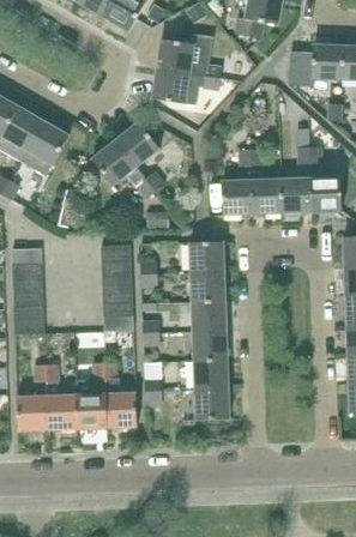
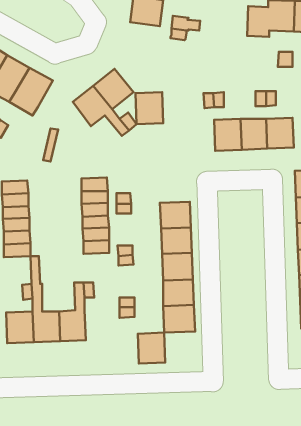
building: [152,68,191,103] -> none
building: [222,179,253,215] -> [136,92,163,124]
building: [189,241,224,272] -> none
building: [105,392,137,427] -> [138,333,165,363]

